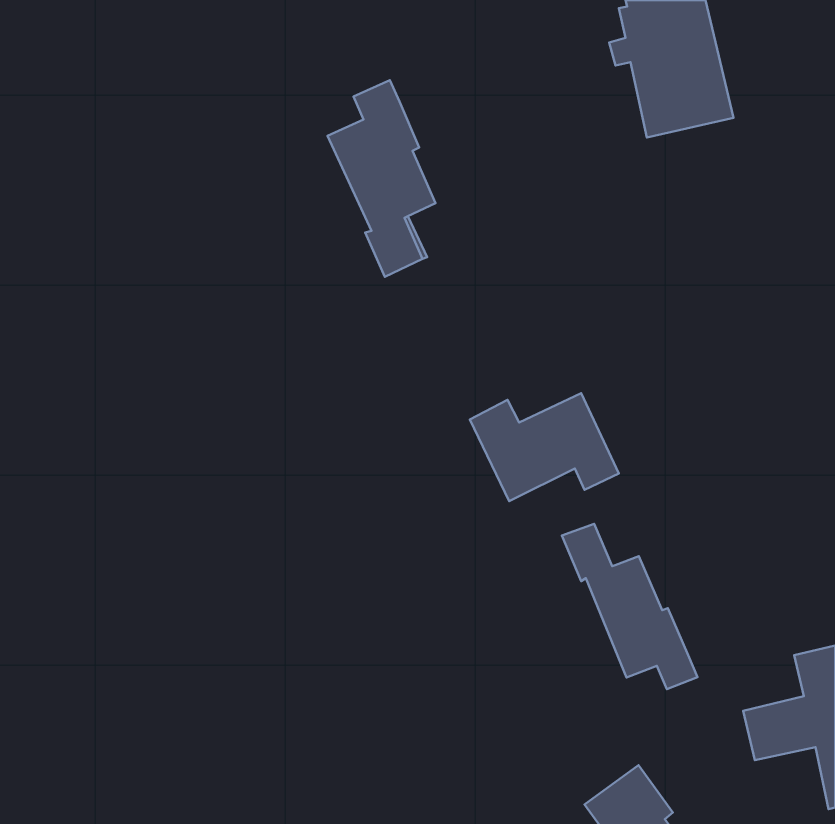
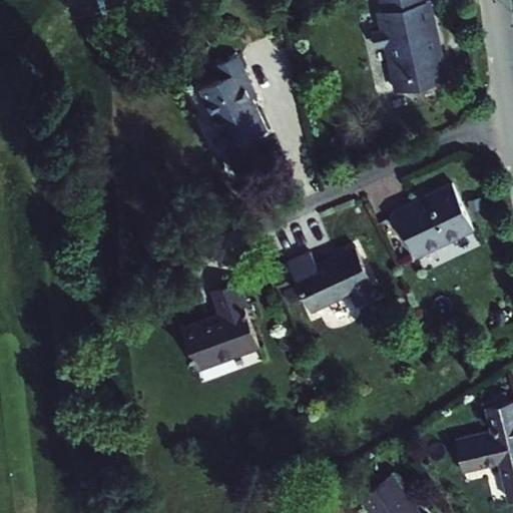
building: none -> [390,186,475,260]
building: none -> [182,283,260,371]
building: [562,524,697,689] -> none

